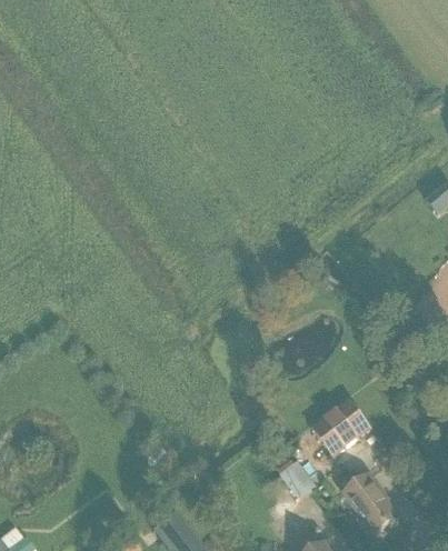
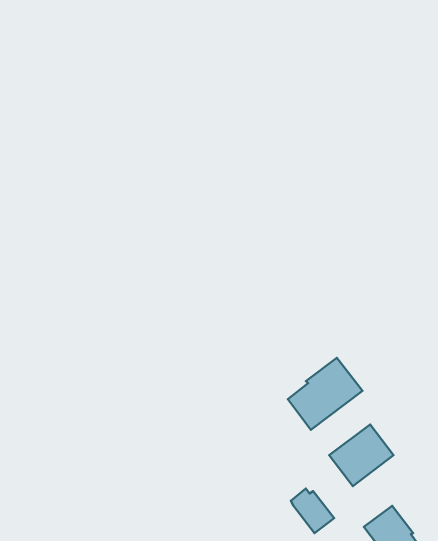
building: none -> [288,358,362,430]

